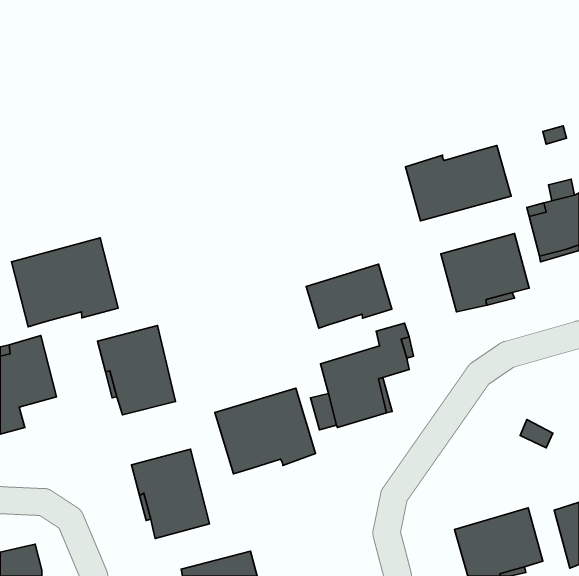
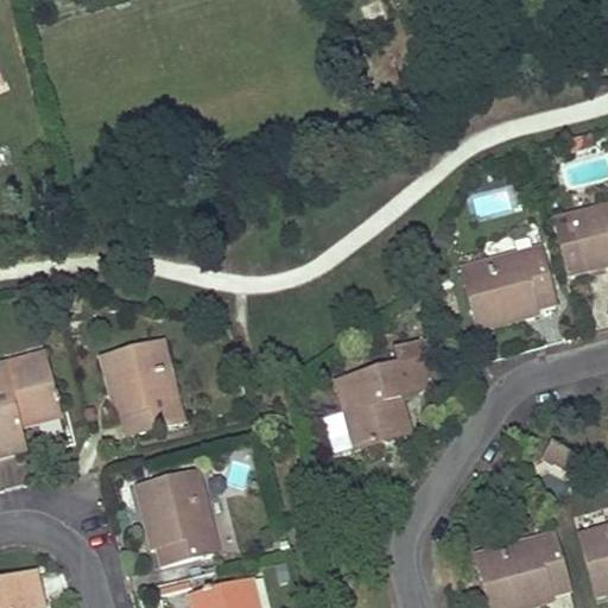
building: [406,145,511,221] -> none
building: [11,238,118,327] -> none
building: [306,264,392,328] -> none
building: [215,388,316,474] -> none

